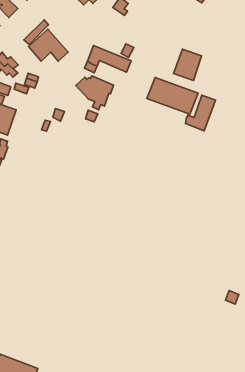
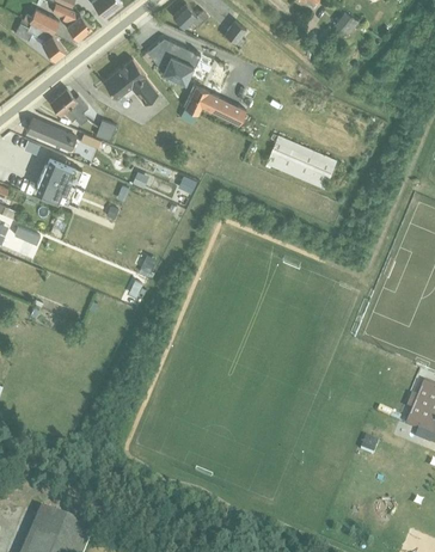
building: [174,49,201,80] -> none
building: [76,76,114,110] -> [146,39,198,87]
building: [186,95,216,131] -> none

